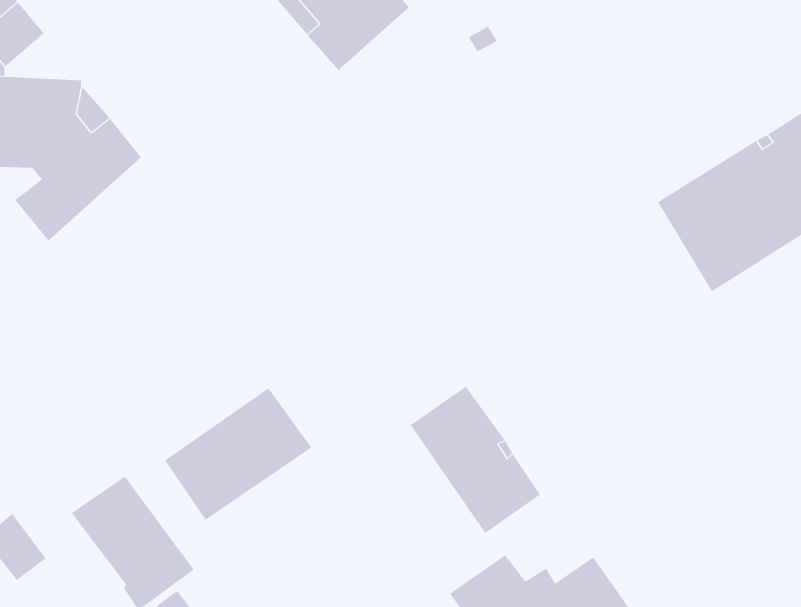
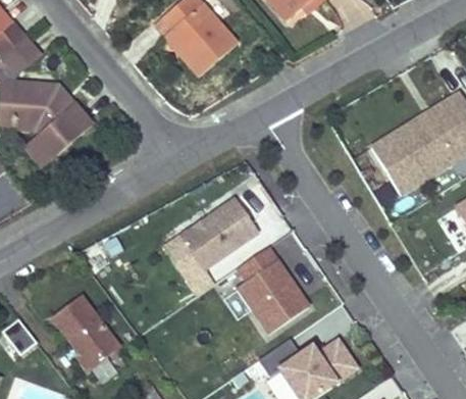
building: [164,387,312,520] -> [178,198,259,270]

